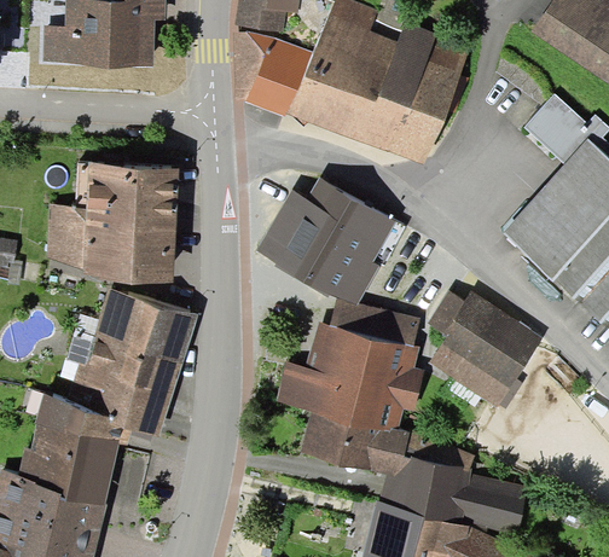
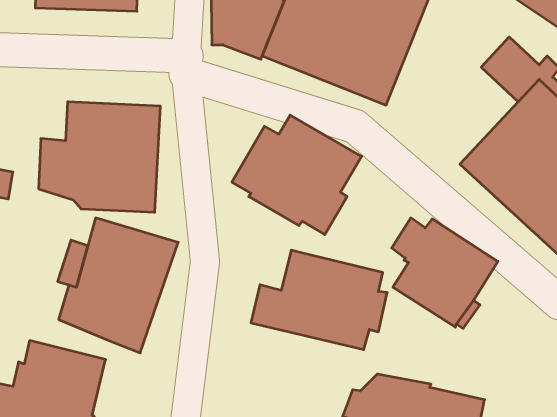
building: [329,296,420,347] -> none
building: [36,393,122,442] -> none
building: [298,411,475,476] -> none

